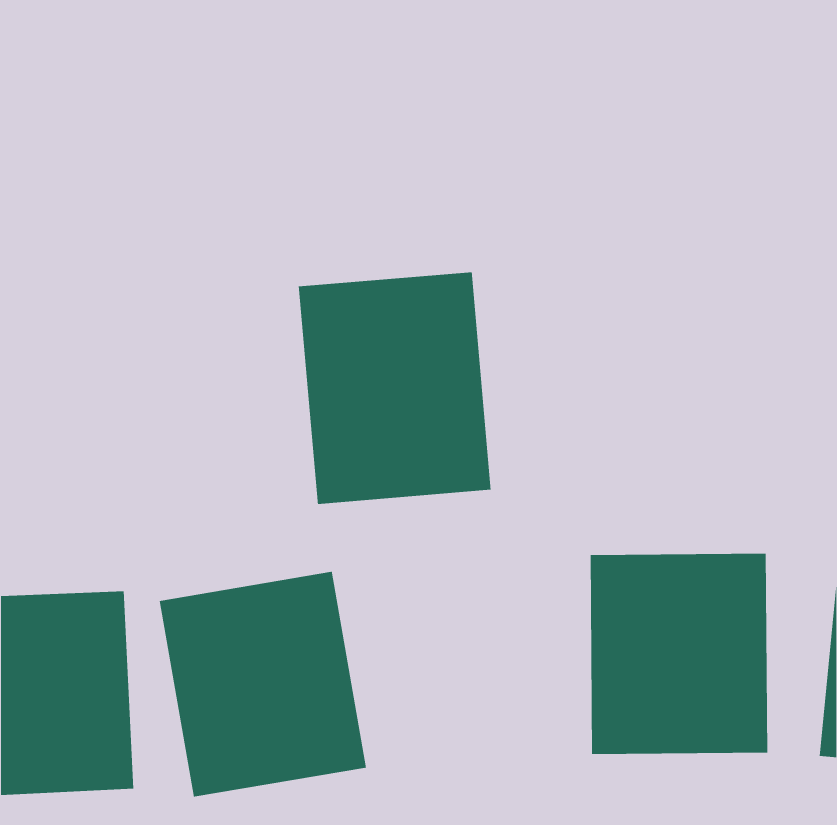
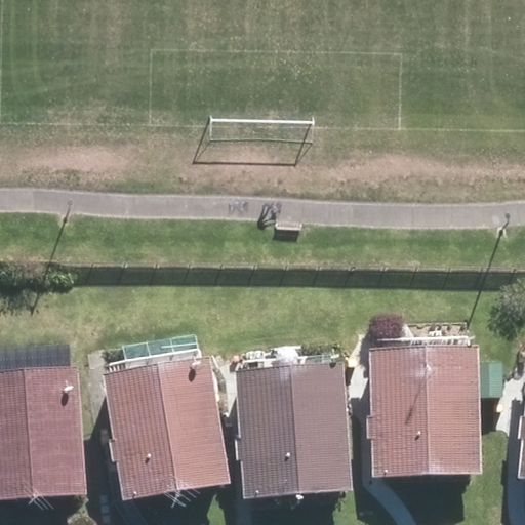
building: [298,271,491,505] -> none
building: none -> [232,362,353,495]

